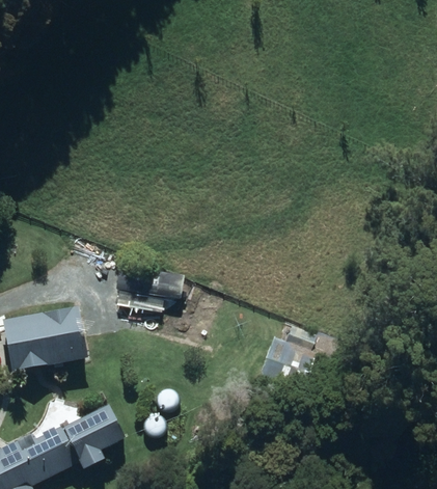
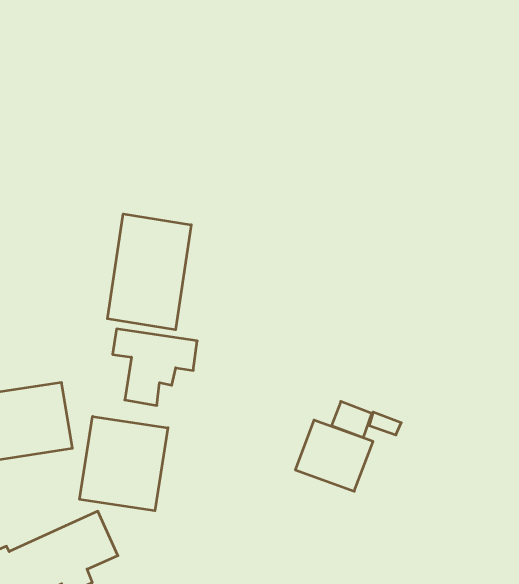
building: none -> [107,214,191,330]
building: none -> [80,416,168,511]

